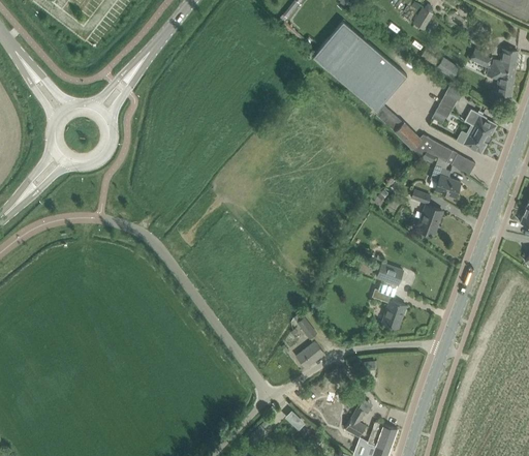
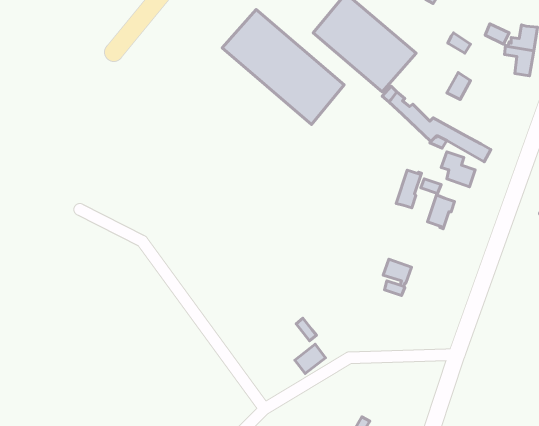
building: none -> [222,10,344,124]
building: [464,109,496,154] -> none
building: none -> [396,170,422,208]
building: [382,300,406,328] -> none

